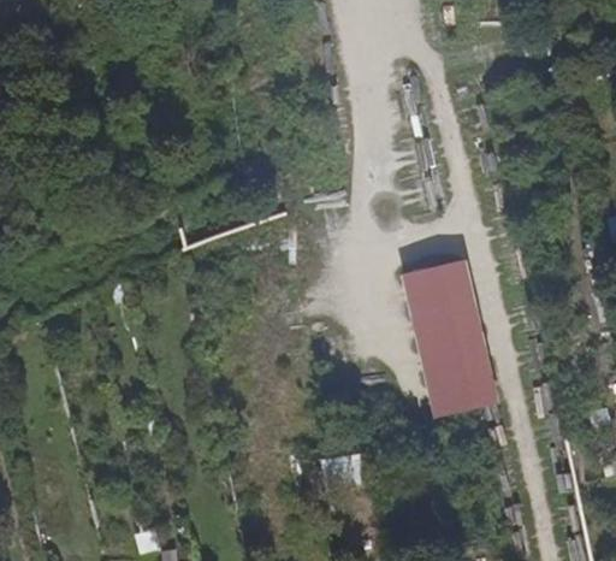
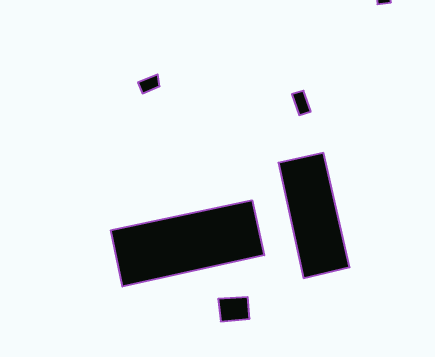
building: none -> [111,200,264,287]

